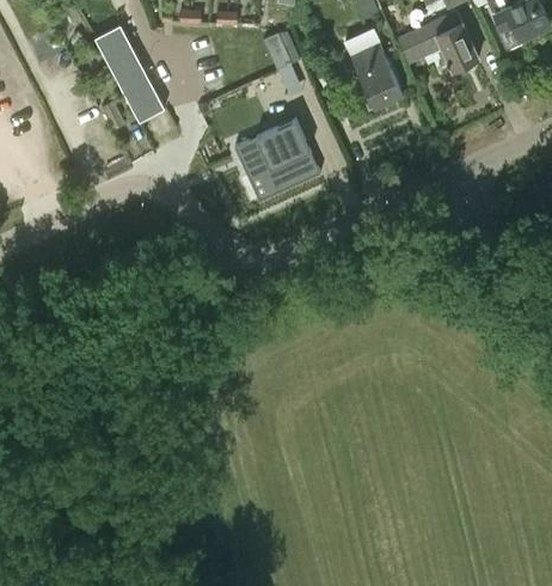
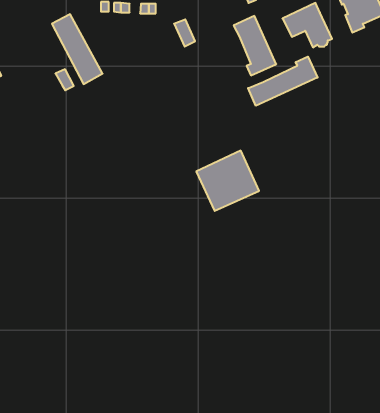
building: none -> [248,57,318,106]
building: [234,118,320,201] -> [196,151,259,211]

